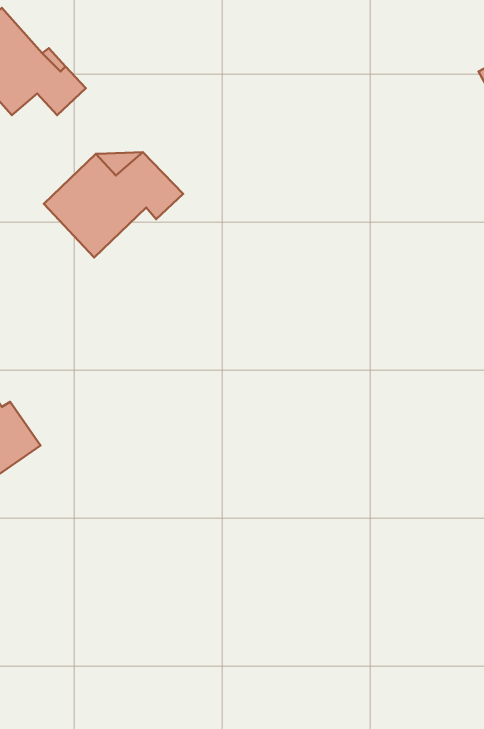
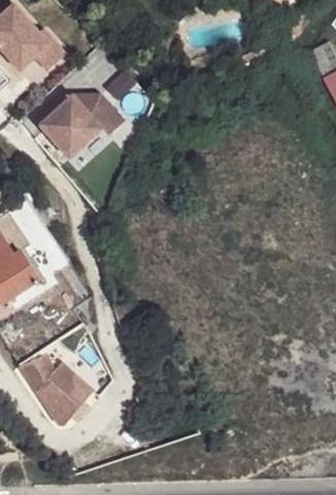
building: none -> [20,352,93,423]

